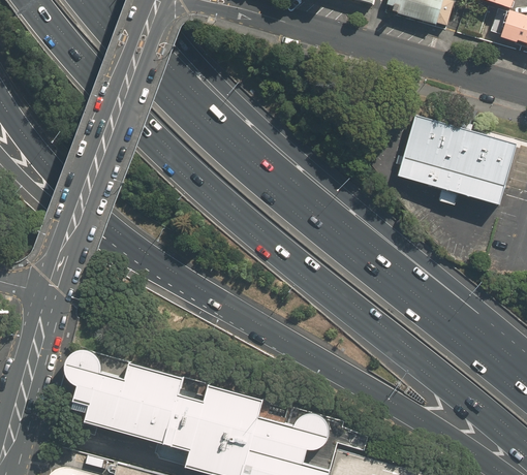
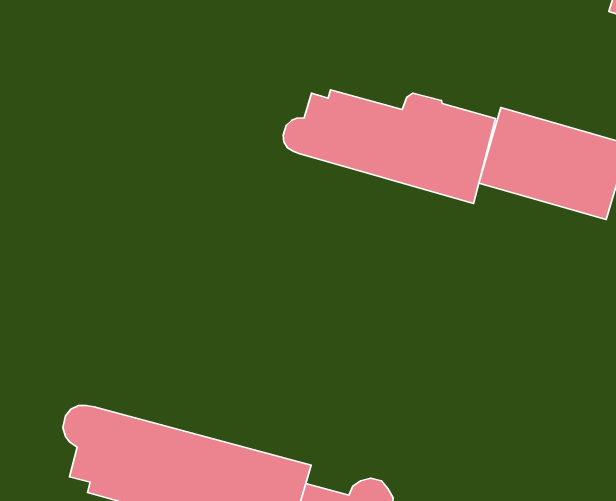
building: none -> [283,90,496,203]

